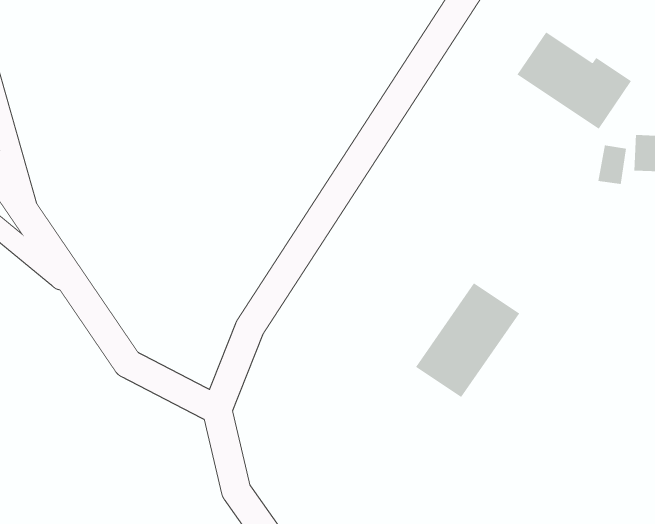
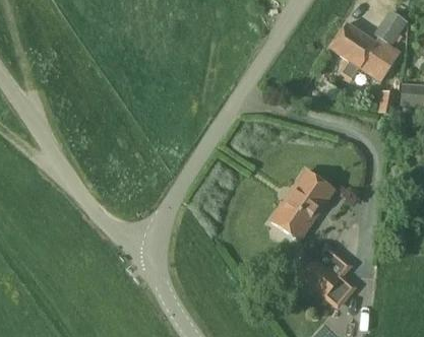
building: none -> [375,9,409,45]
building: none -> [302,248,351,305]

